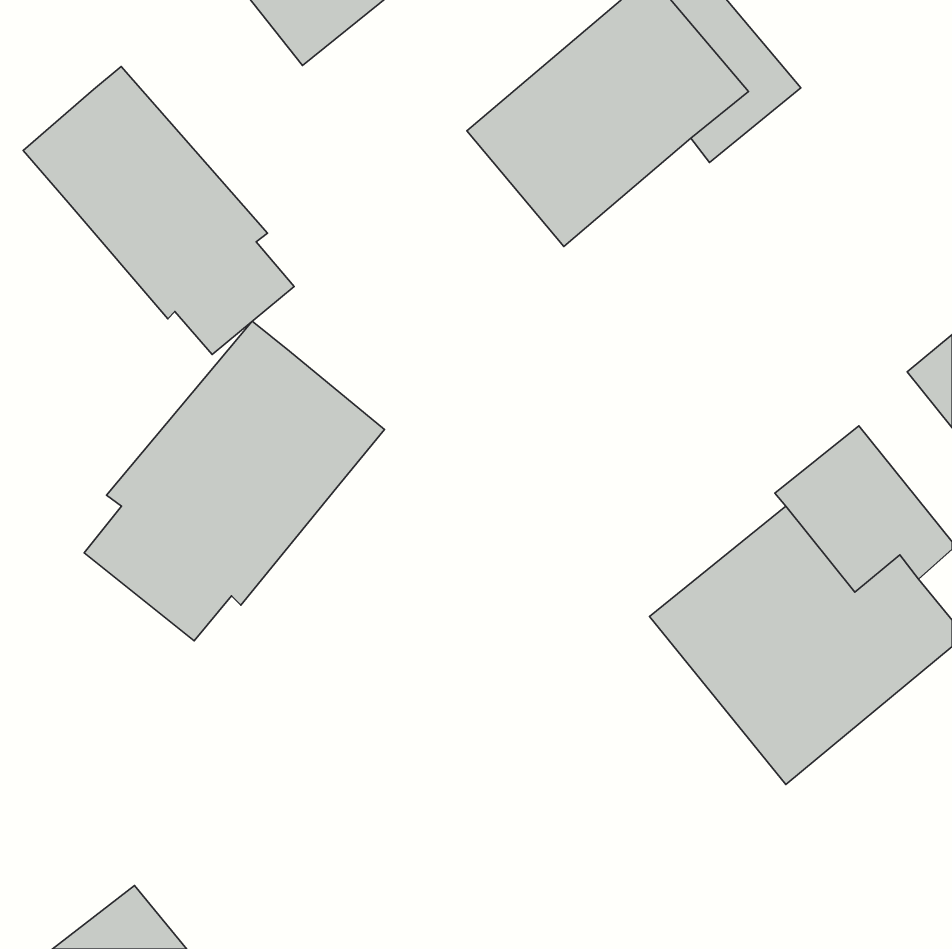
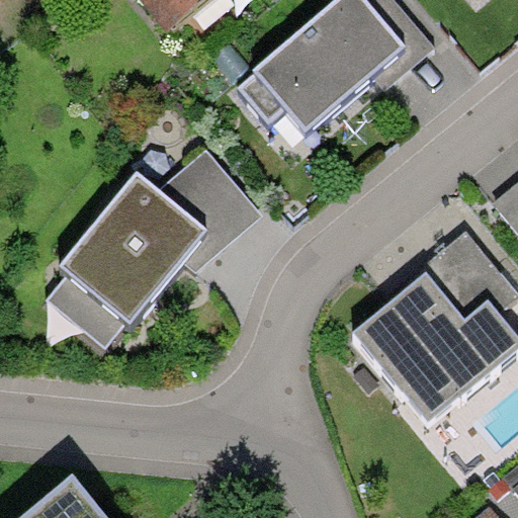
building: [23,66,294,354] -> none
building: none -> [157,149,262,272]

